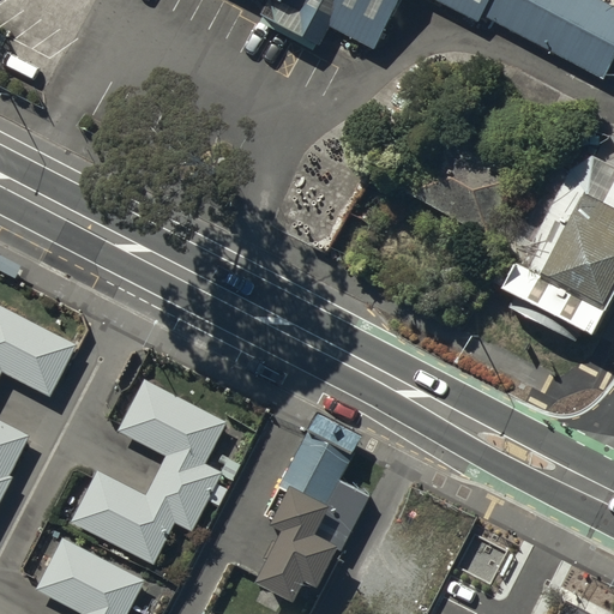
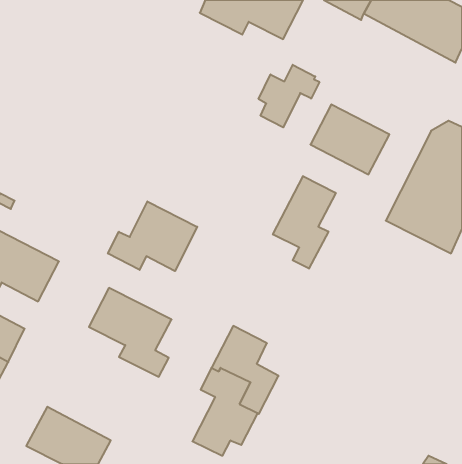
building: none -> [259,65,319,127]
building: none -> [273,176,336,269]
building: none -> [108,201,197,271]
building: [71,470,210,564] -> none

